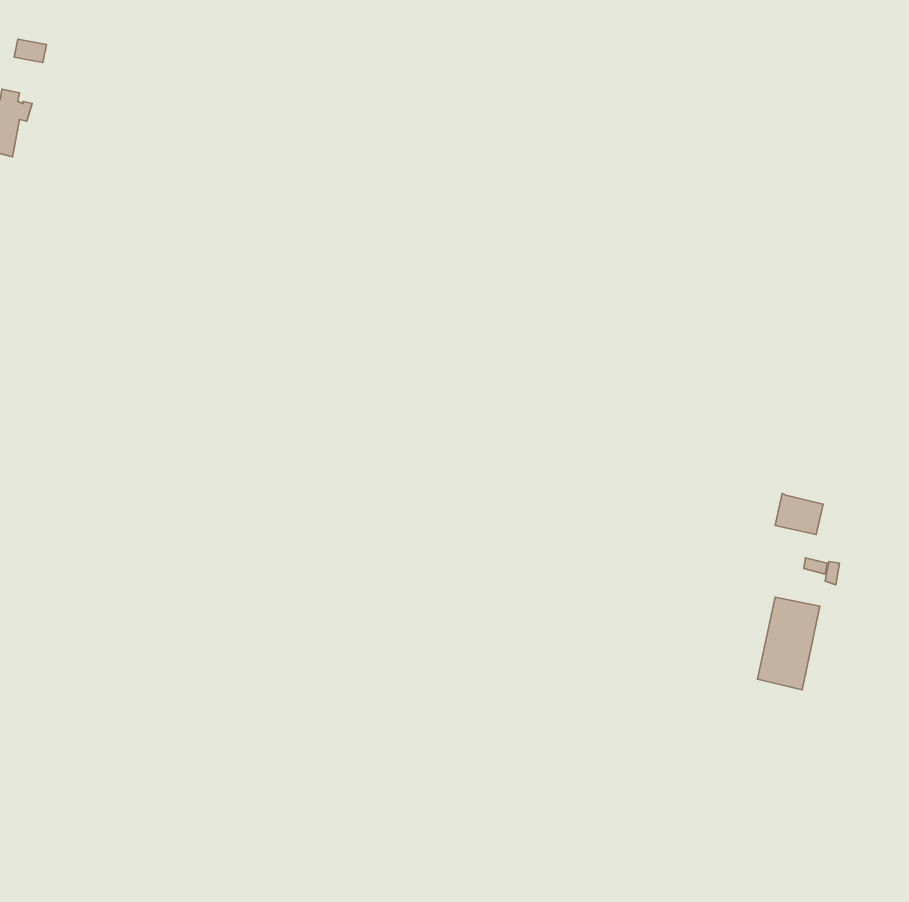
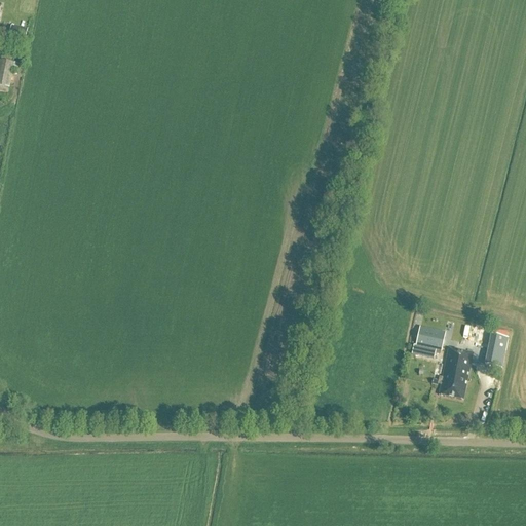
building: [775,493,823,534] -> [415,324,443,347]
building: none -> [484,332,506,365]

